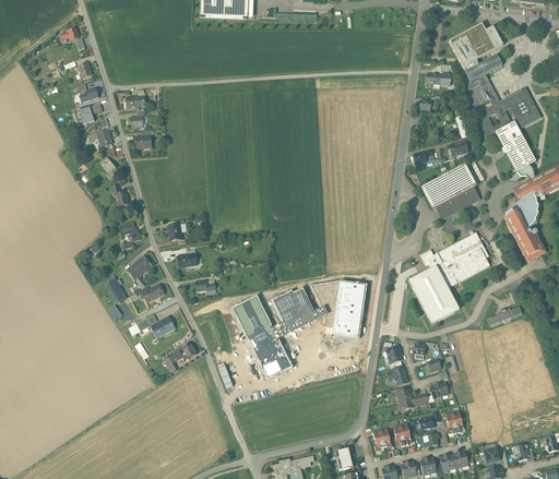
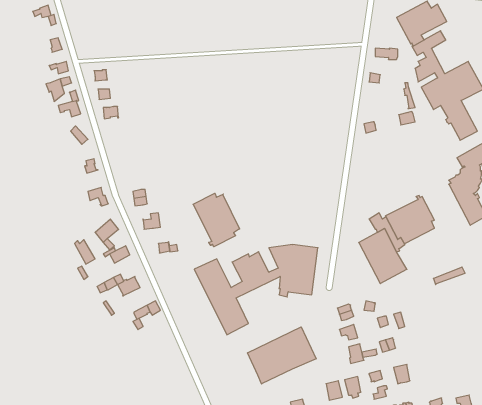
building: [420,164,479,219] -> none
building: none -> [193,193,240,247]
building: none -> [248,327,316,384]

